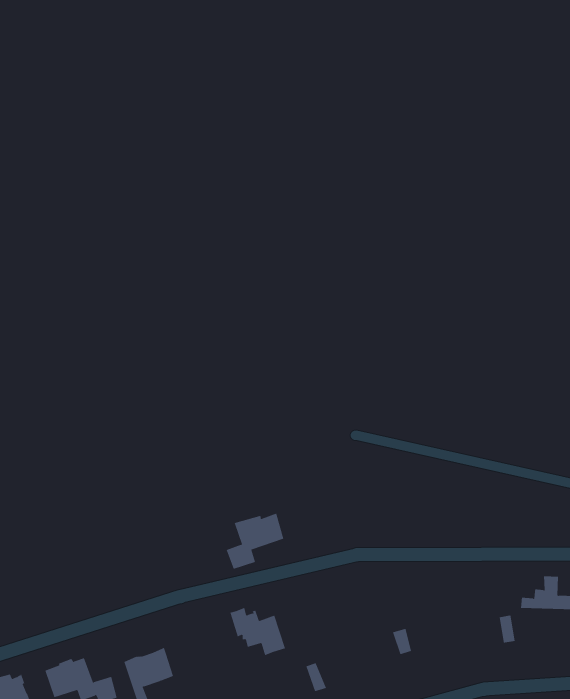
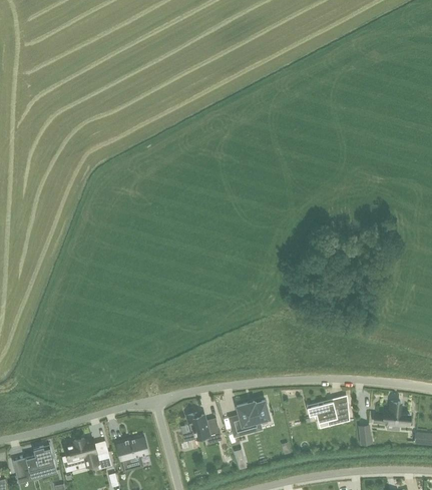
building: [226,513,284,570] -> [230,400,268,435]
building: none -> [306,400,349,422]

